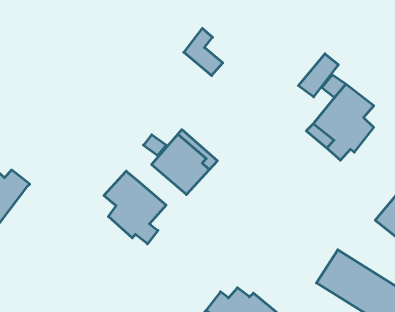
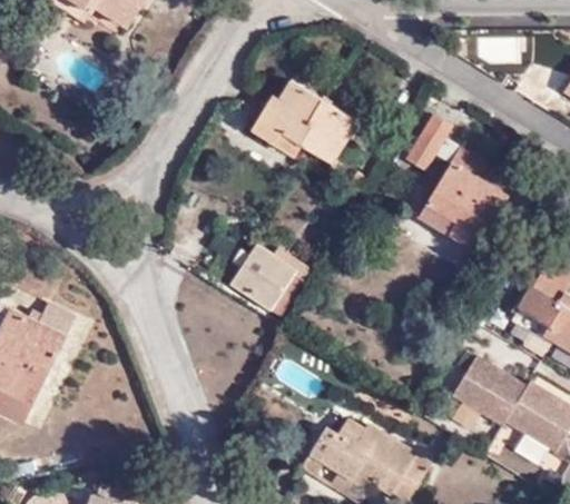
building: none -> [276,80,356,158]
building: [104,171,166,244] -> none

